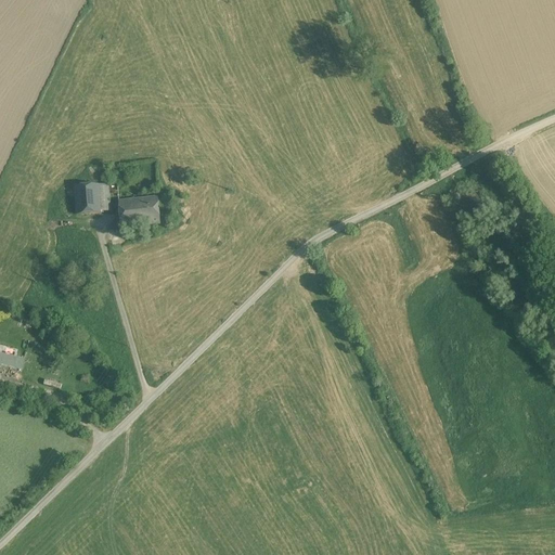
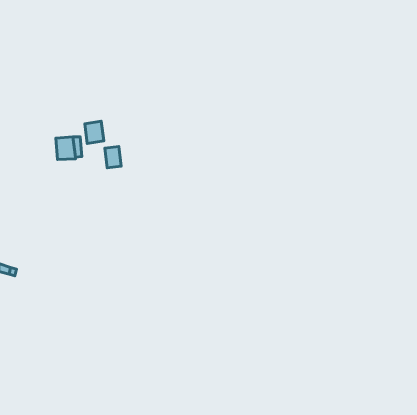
building: [117,196,142,225] -> [85,121,104,143]

